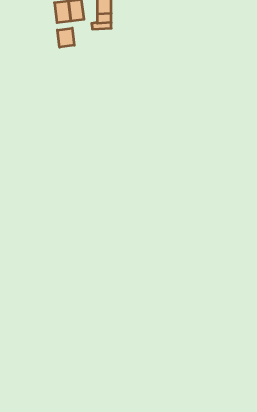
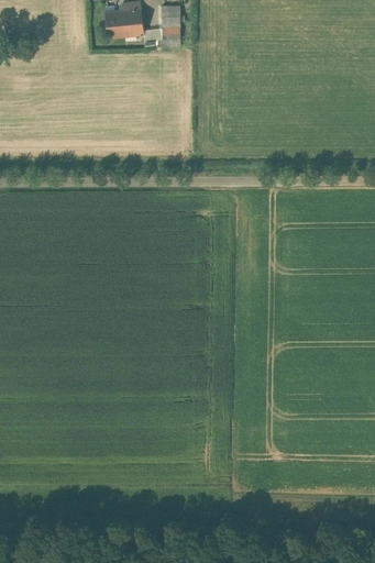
building: [57,28,74,47] -> none

